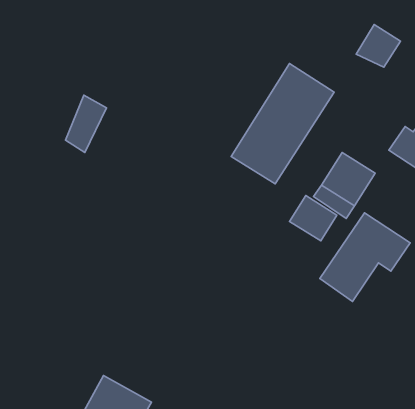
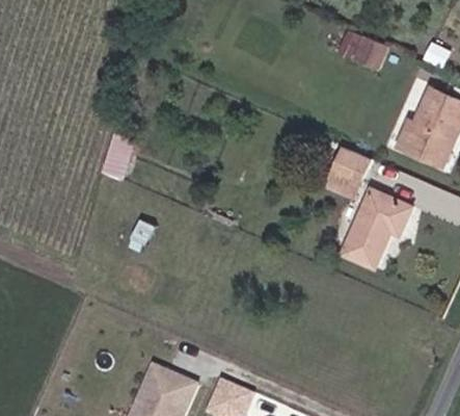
building: [231,63,334,184] -> none
building: [290,196,337,241] -> none

